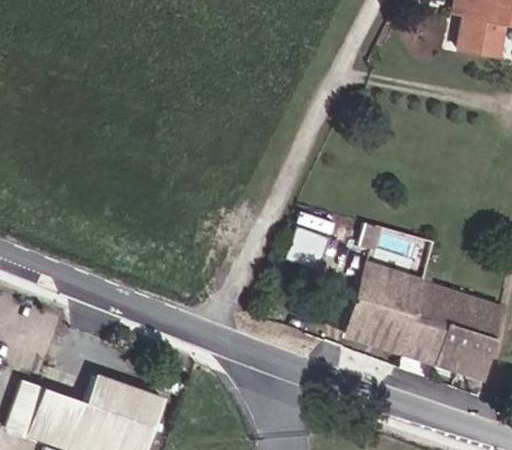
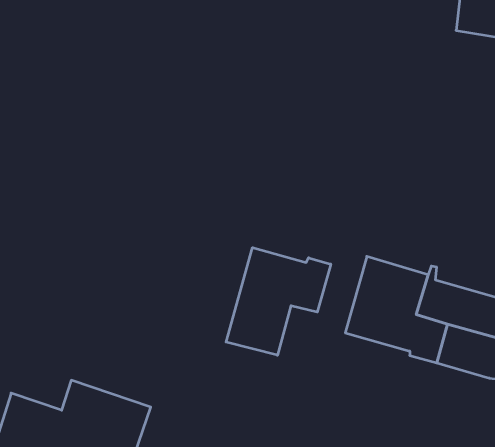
building: none -> [226,248,331,355]

